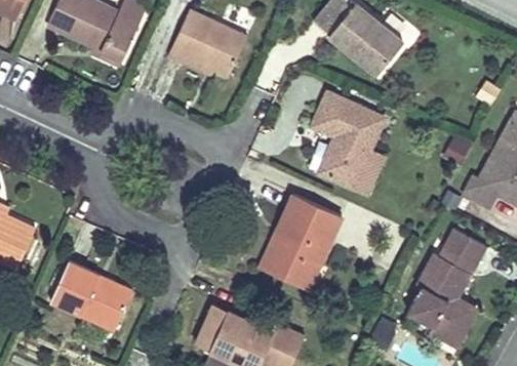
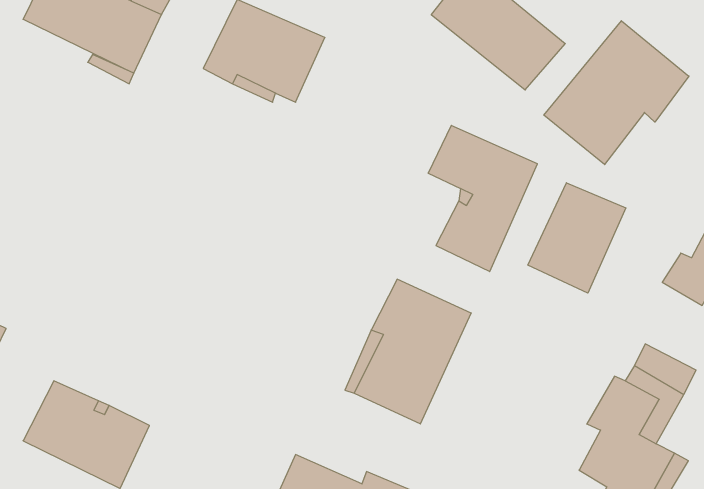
building: none -> [544,21,689,165]
building: none -> [528,183,626,293]

